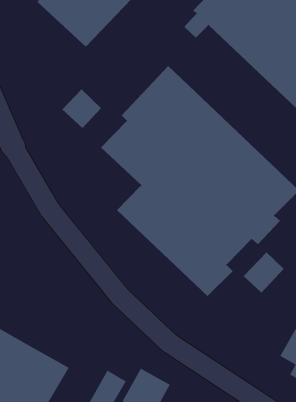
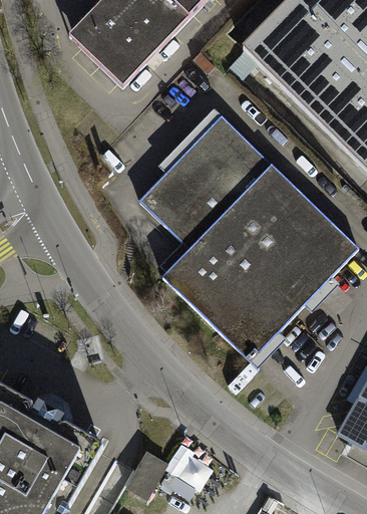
building: [62,88,102,129] -> none
building: [243,251,284,293] -> none

